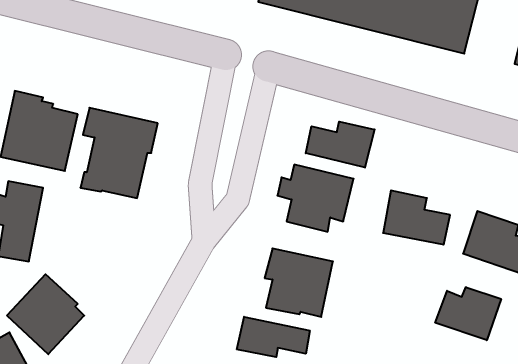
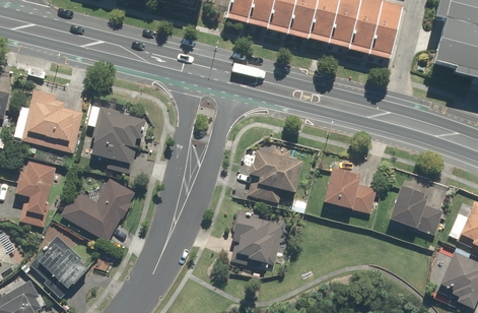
building: [306,122,375,168] -> none
building: none -> [62,176,135,239]
building: [435,287,501,340] -> none
building: [237,317,310,357] -> none

